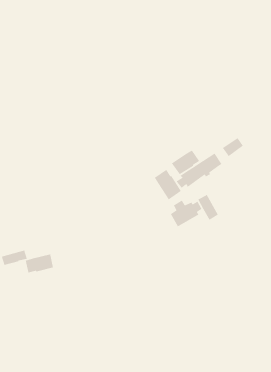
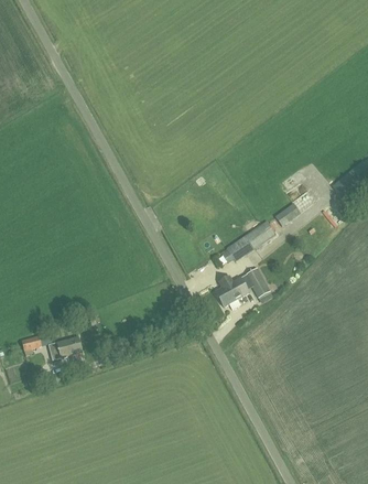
building: [171,150,200,175] -> none
building: [154,169,182,201] -> none

